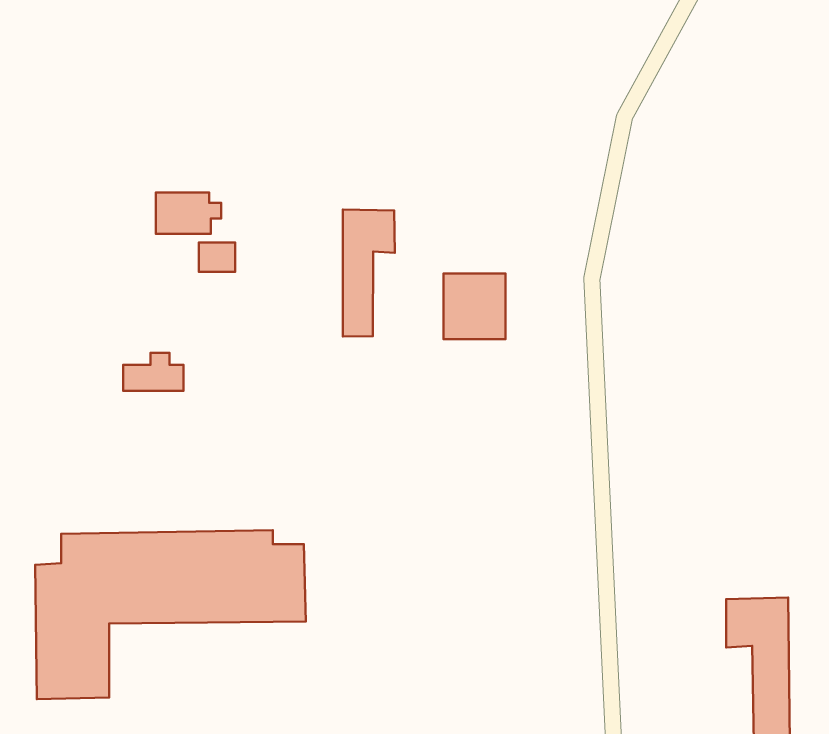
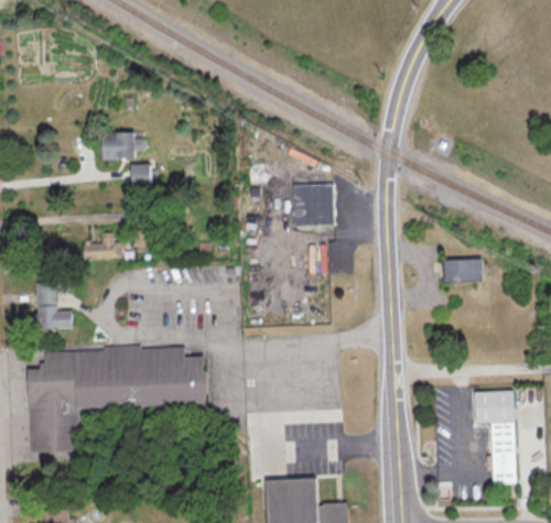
building: [343,210,395,337] -> none
building: none -> [441,259,482,282]
building: none -> [40,281,77,328]

